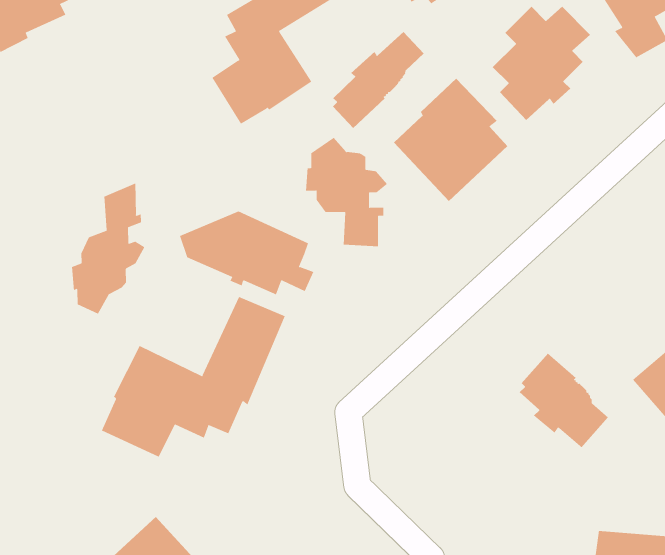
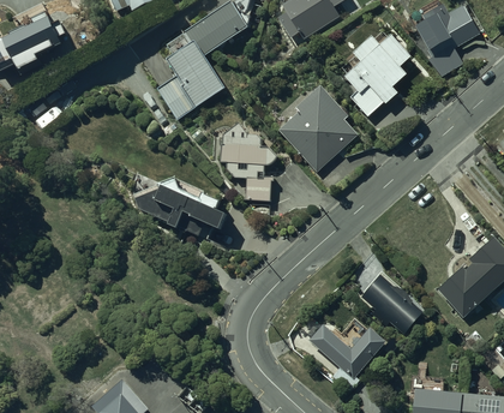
building: [332,31,424,129] -> none
building: [71,182,145,315] -> none
building: [101,296,285,458] -> none
building: none -> [310,324,384,377]

